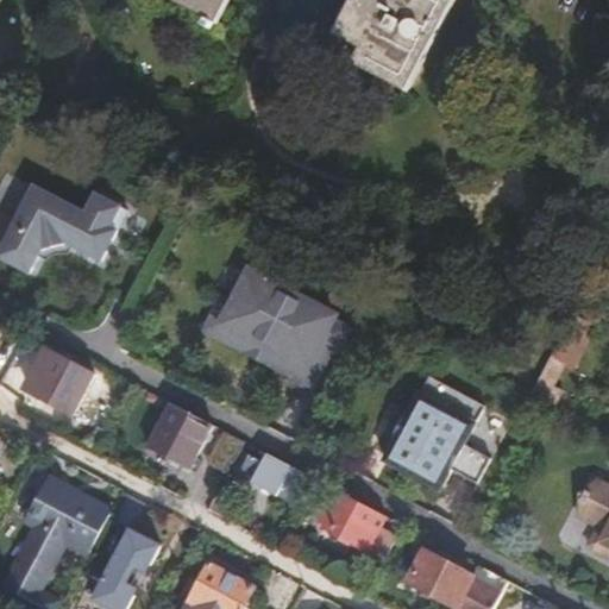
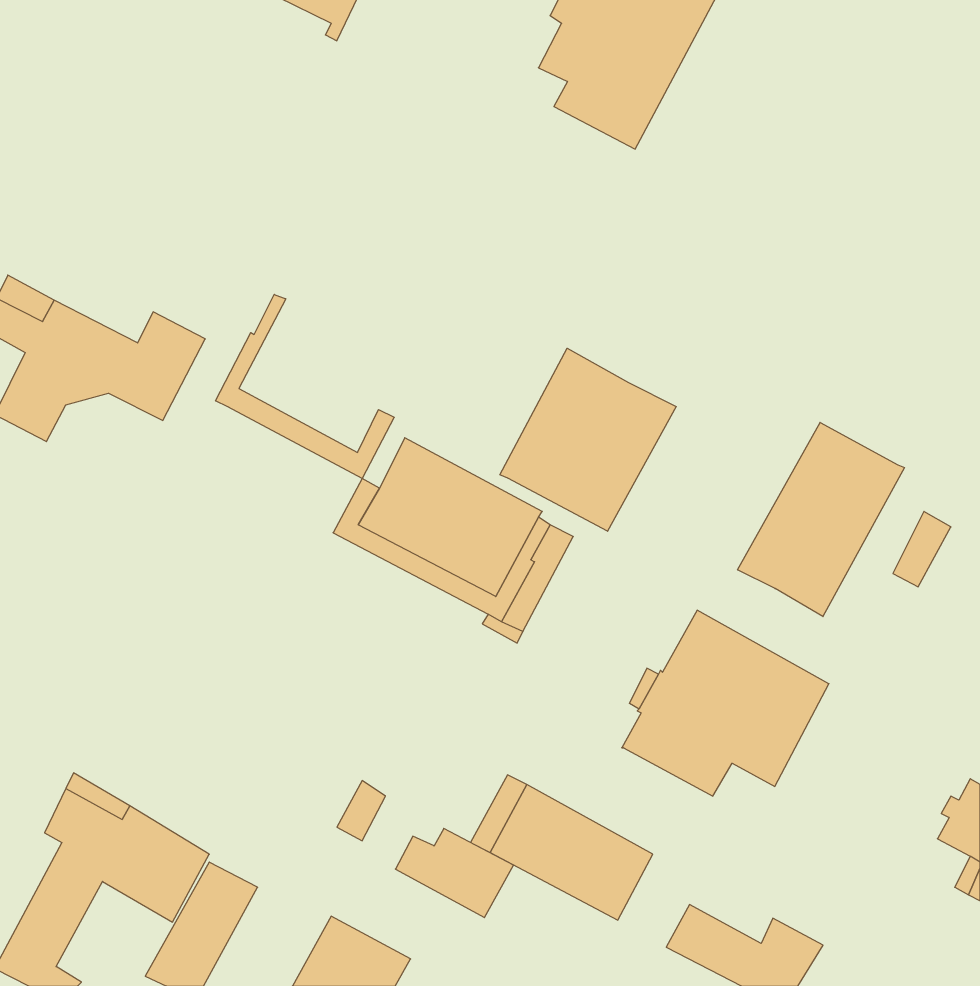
building: none -> [216,294,394,478]
building: none -> [500,348,676,531]
building: none -> [738,422,904,617]
building: [11,346,93,409] -> none
building: [149,402,212,467] -> none
building: [236,452,308,507] -> [395,828,514,918]

